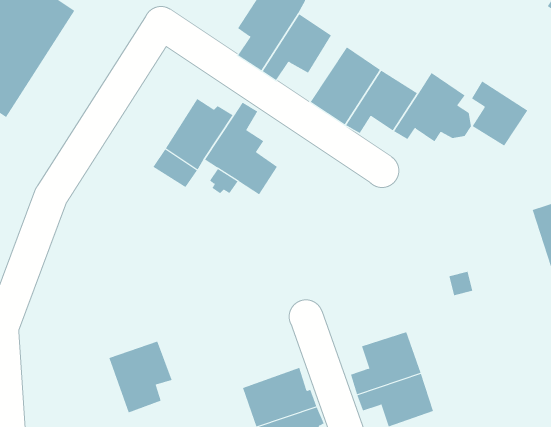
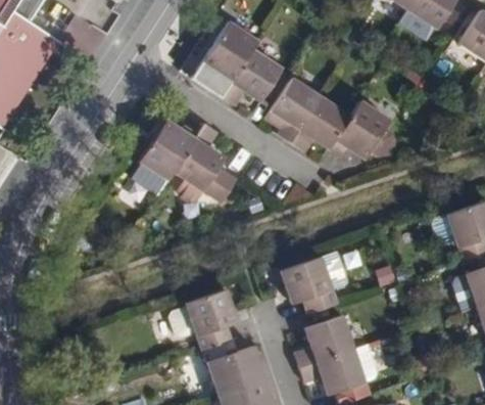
building: [471,80,528,146] -> none
building: none -> [280,258,336,313]
building: [109,341,172,413] -> [185,289,238,350]

